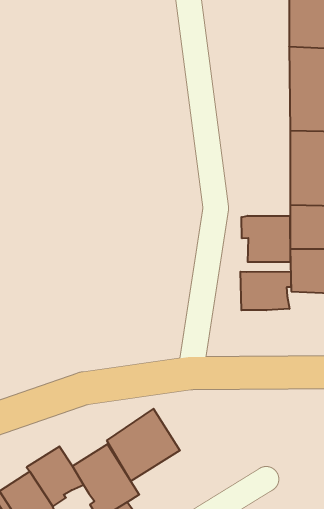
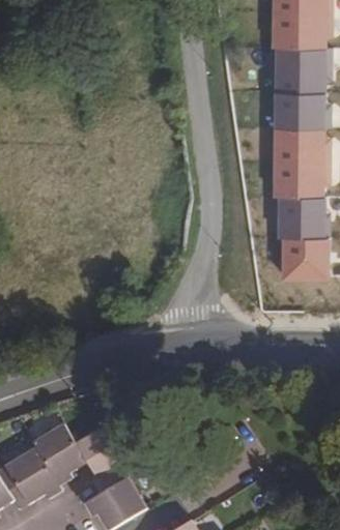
building: [241,216,290,262] -> none
building: [240,272,291,310] -> none
building: [107,409,180,481] -> none

